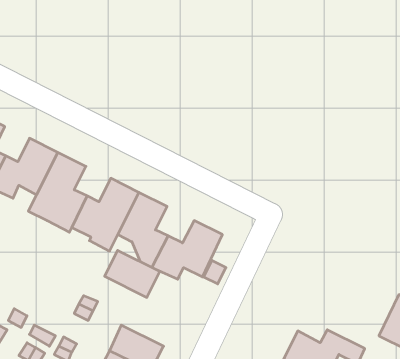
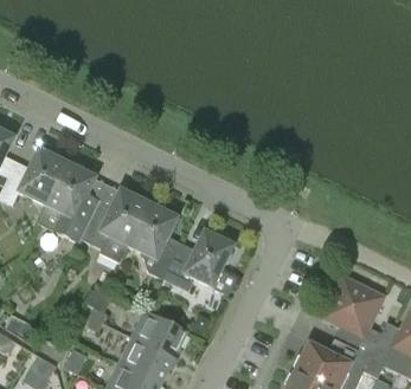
building: [105,250,160,297] -> [130,310,186,357]
building: none -> [320,274,384,359]

